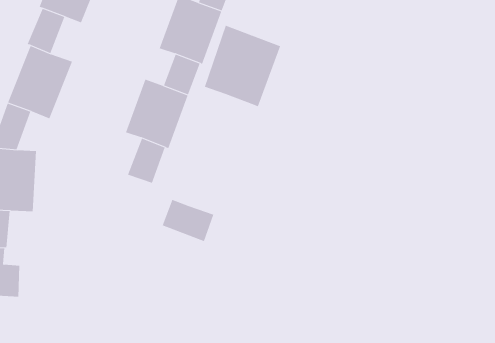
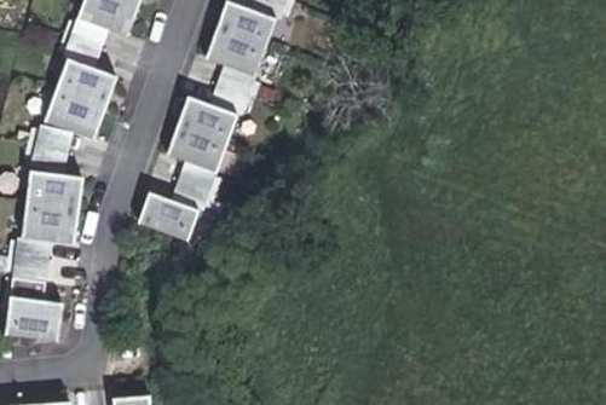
building: [204,25,281,107] -> none
building: [162,199,214,242] -> [144,193,202,241]

